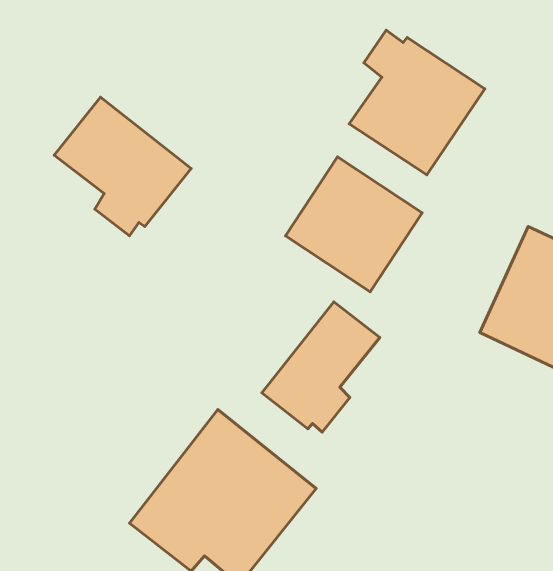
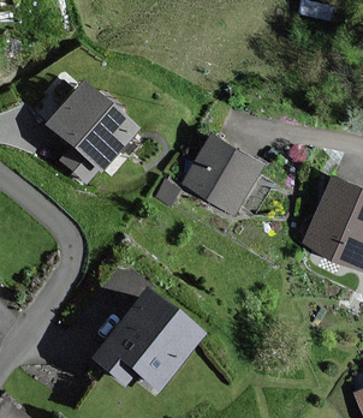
building: [349,30,485,175] -> none
building: [262,302,380,432] -> none

